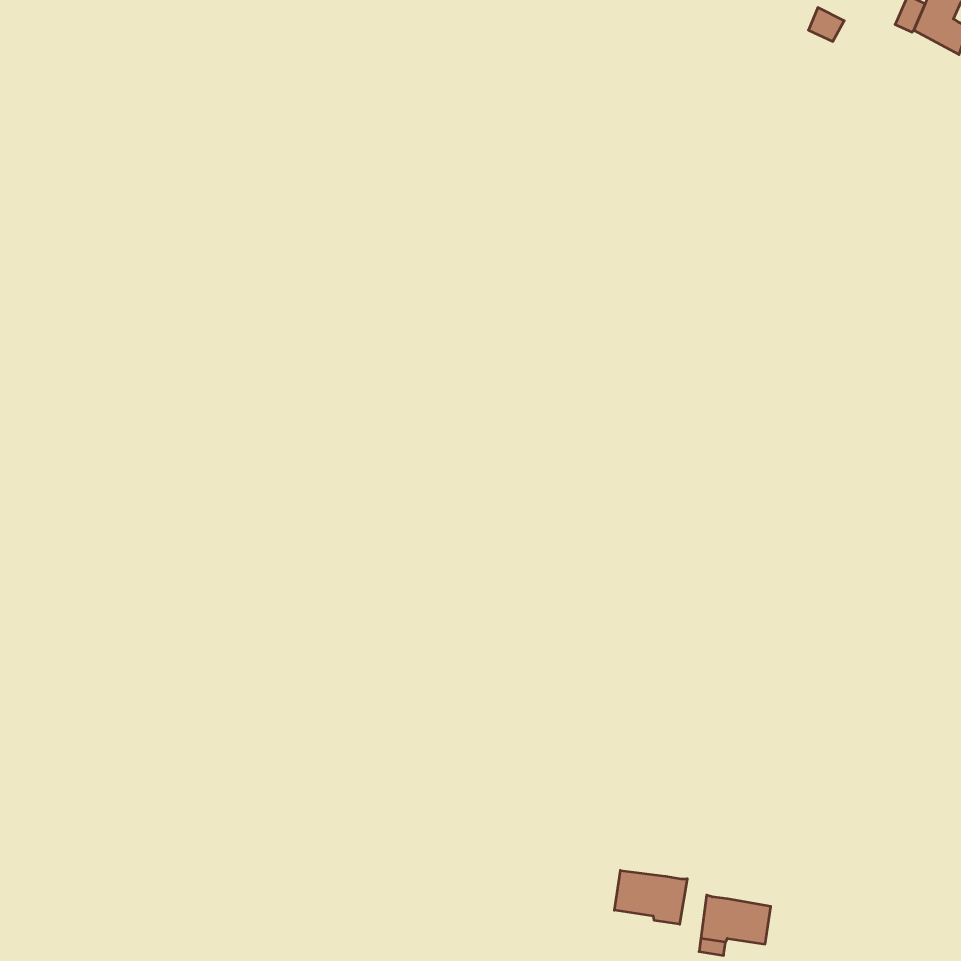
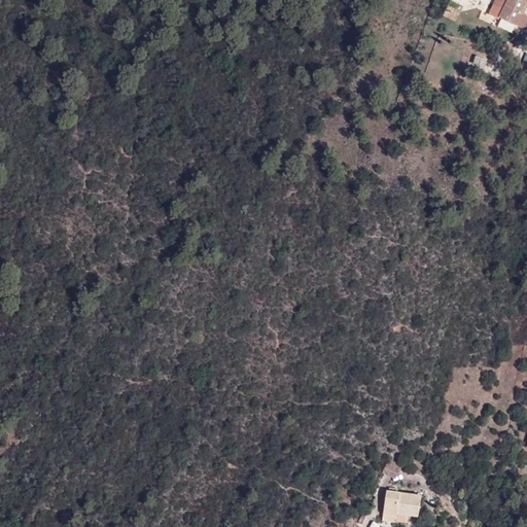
building: [614,870,687,924] -> none

